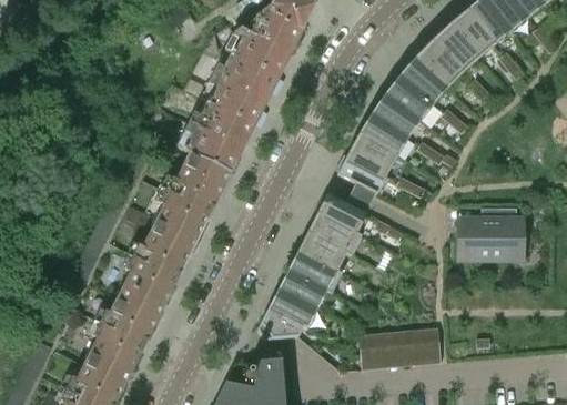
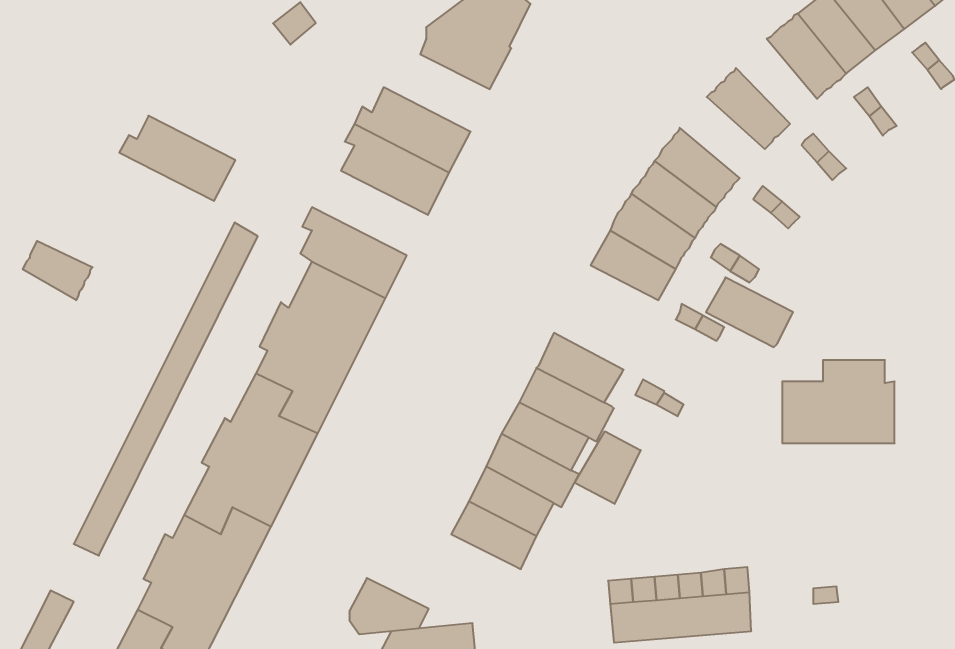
building: [432,24,478,73] -> none
building: [230,26,291,78] -> none
building: [399,58,448,104] -> none
building: [189,100,255,149] -> [119,116,235,201]
building: none -> [23,241,93,300]
building: [337,154,387,194] -> [706,277,793,347]
building: none -> [574,431,641,504]
building: [259,308,304,341] -> [349,578,429,634]

